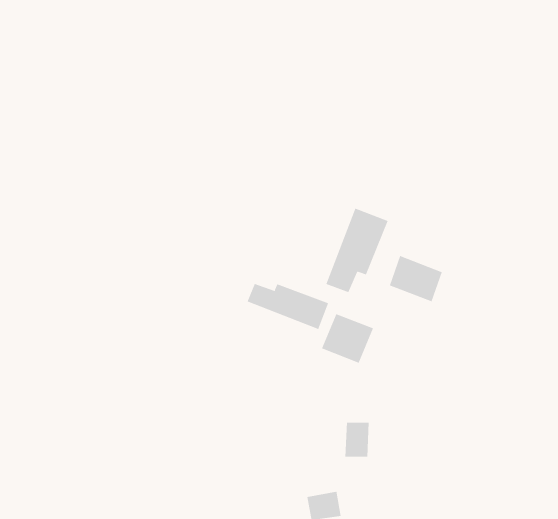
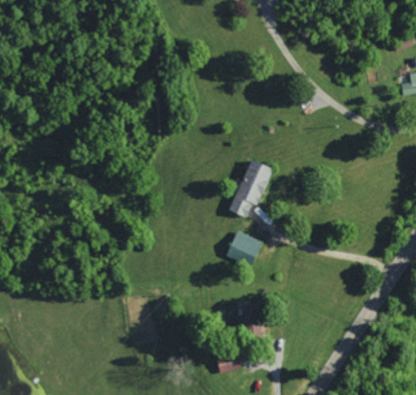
building: [389,255,442,302] -> none
building: [247,283,329,330] -> none

